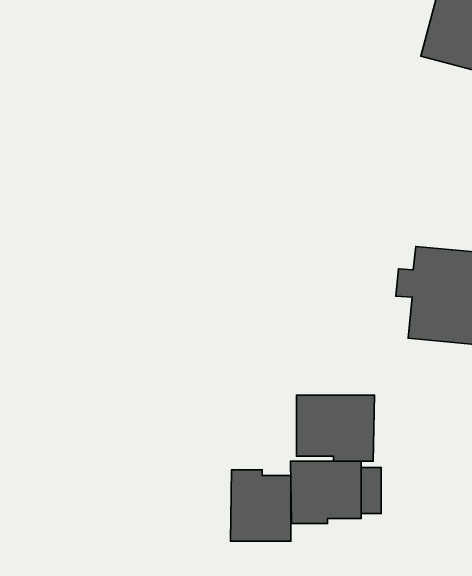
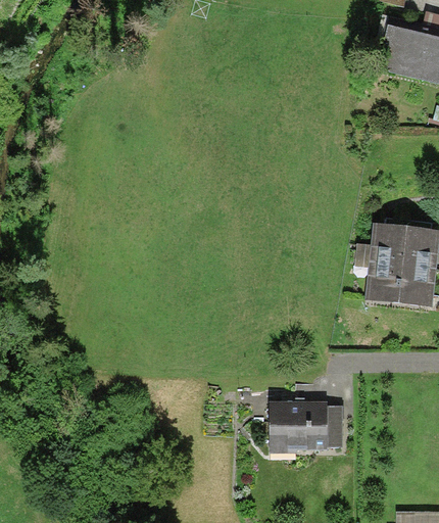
building: [297,395,375,461] -> none
building: [231,470,291,541] -> none

